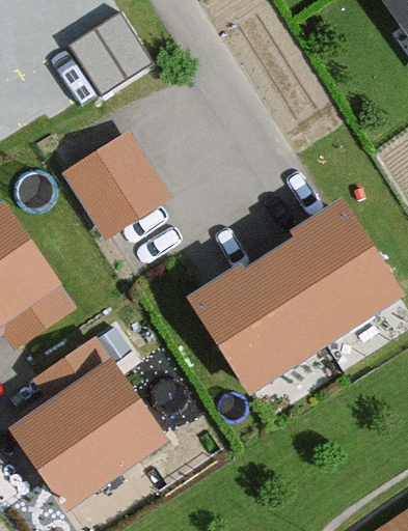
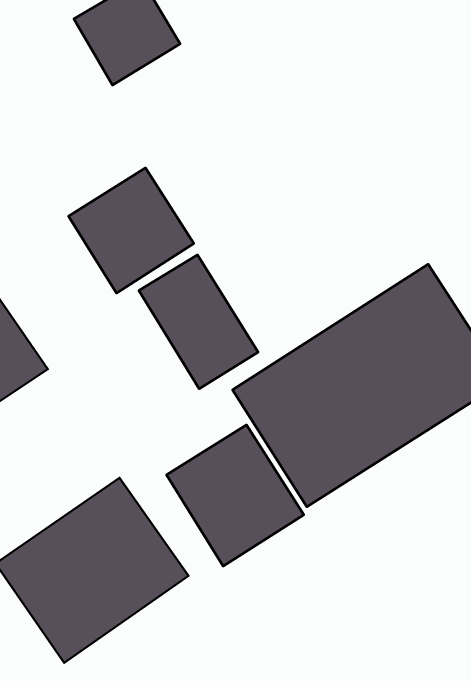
building: none -> [139,255,258,389]
building: none -> [167,425,304,566]

